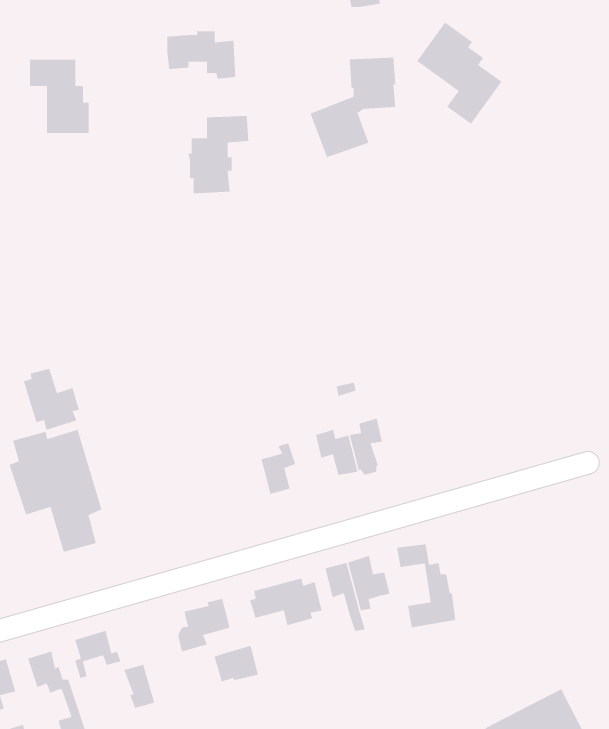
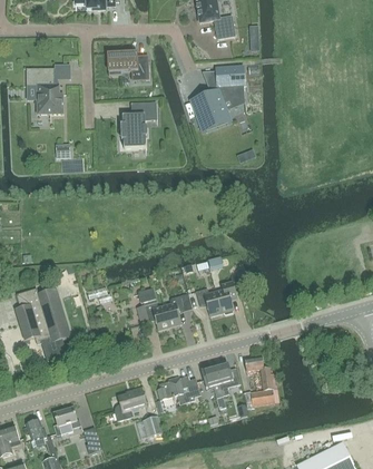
building: [416,22,502,125] -> none
building: [23,368,80,431] -> none
building: none -> [137,287,169,330]

